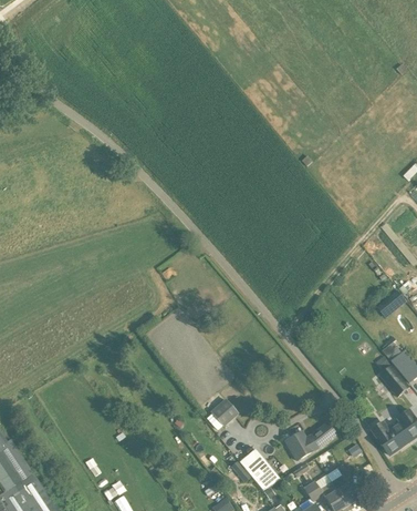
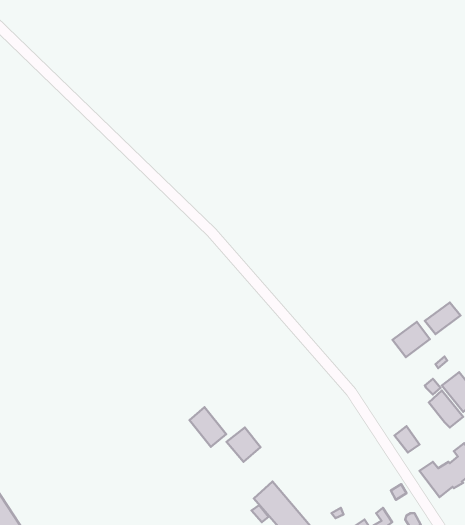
building: none -> [393,322,430,357]
building: none -> [189,407,226,447]
building: [283,422,334,461] -> none

